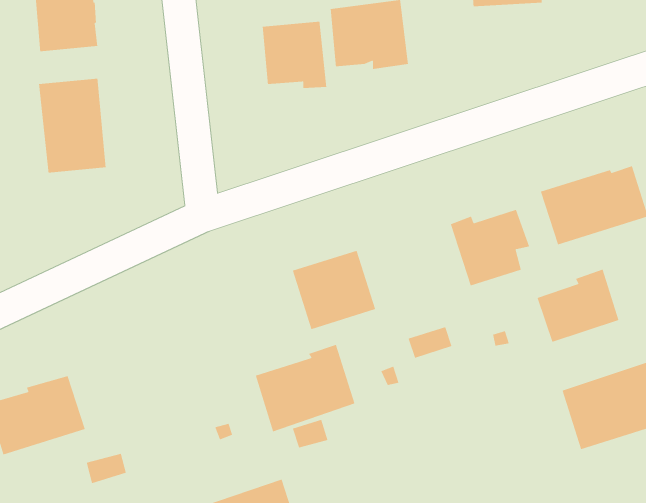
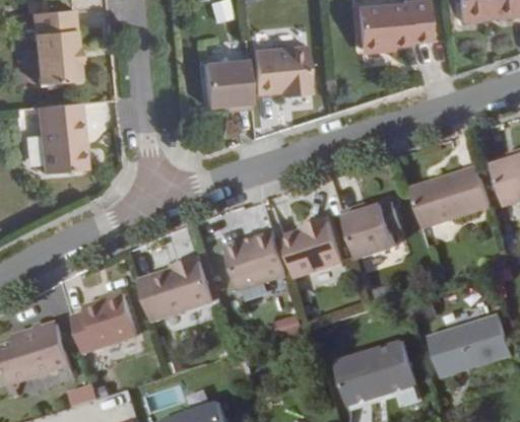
building: none -> [281,214,343,278]
building: [537,268,620,343] -> none
building: none -> [71,293,138,351]
building: [255,344,356,432] -> [138,255,213,321]
building: none -> [334,345,417,411]

